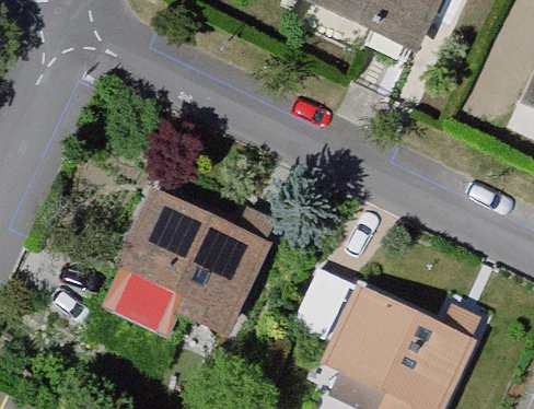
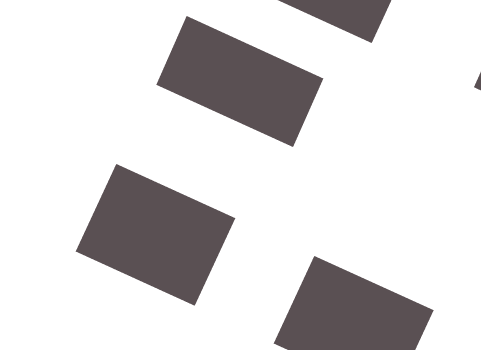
building: none -> [155,15,325,148]

